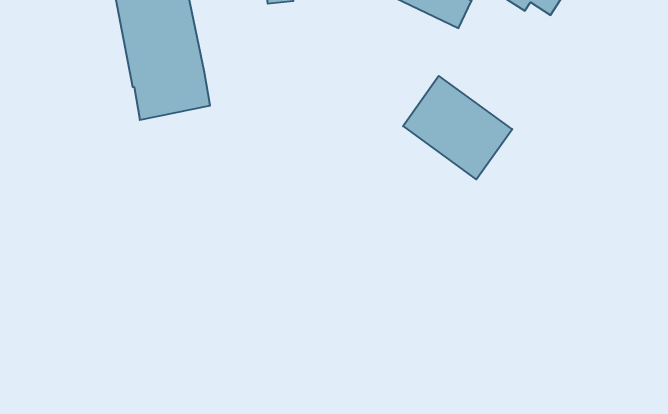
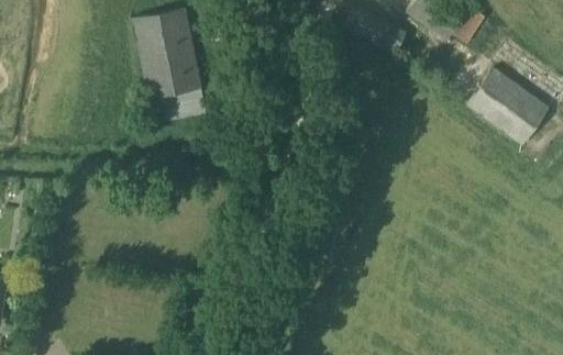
building: [403,76,512,179] -> [465,66,549,145]

